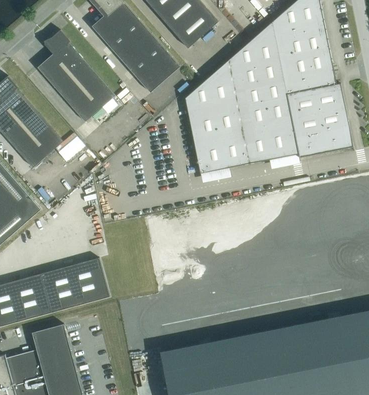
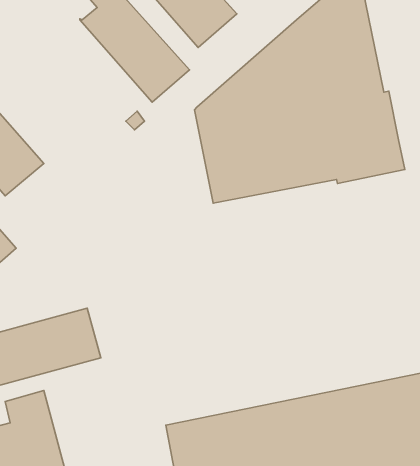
building: [37,30,115,122] -> none

